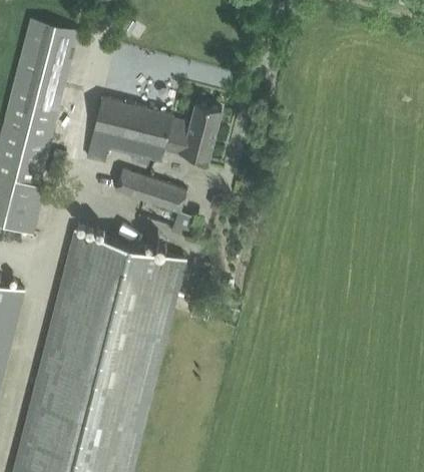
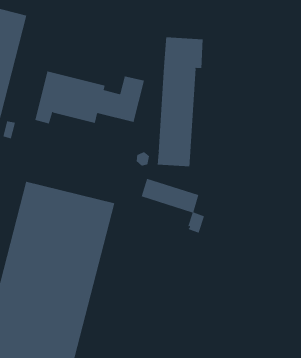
building: none -> [157,36,203,167]
building: [114,171,192,239] -> [141,178,205,233]

